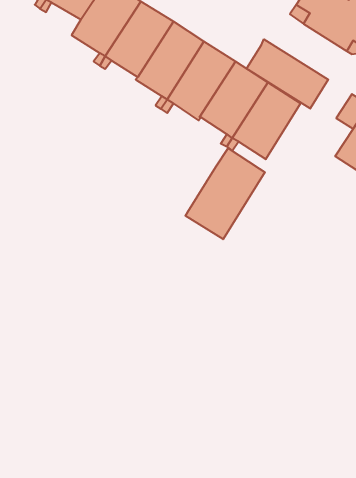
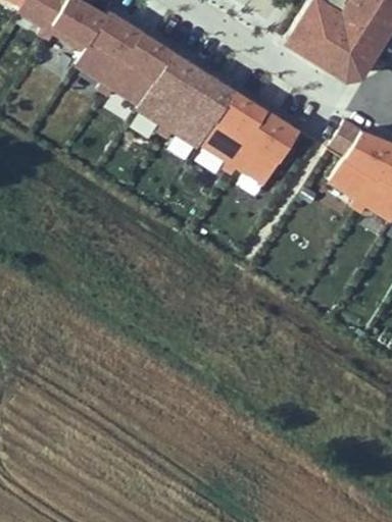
building: [246,39,328,109] -> none
building: [185,148,265,239] -> none

